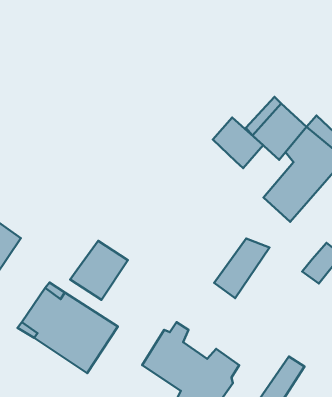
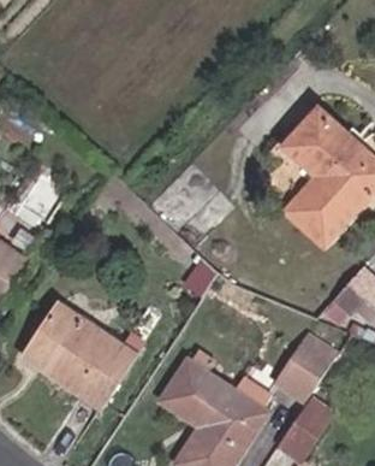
building: [213,117,263,168] -> none
building: [214,239,269,298] -> [287,328,347,393]
building: [70,241,128,300] -> none

